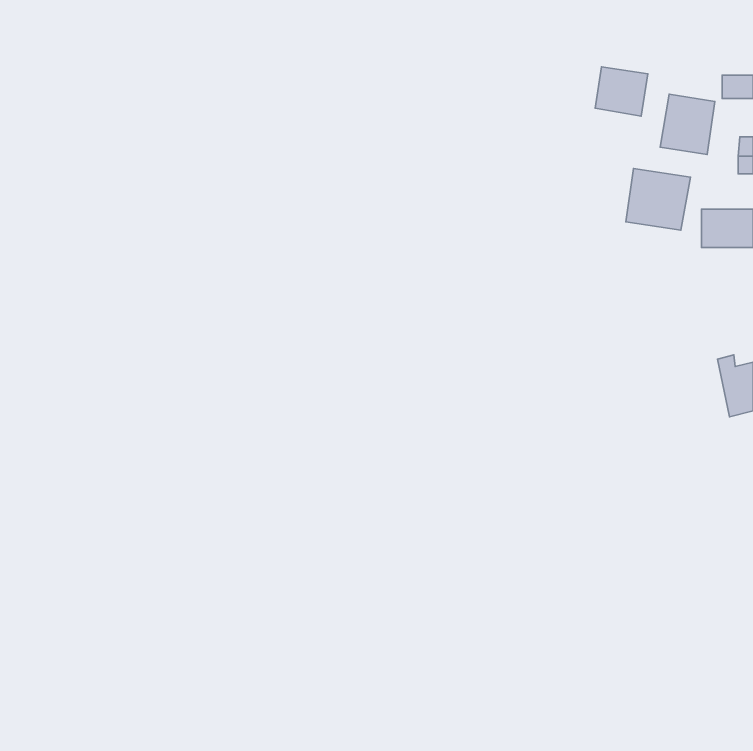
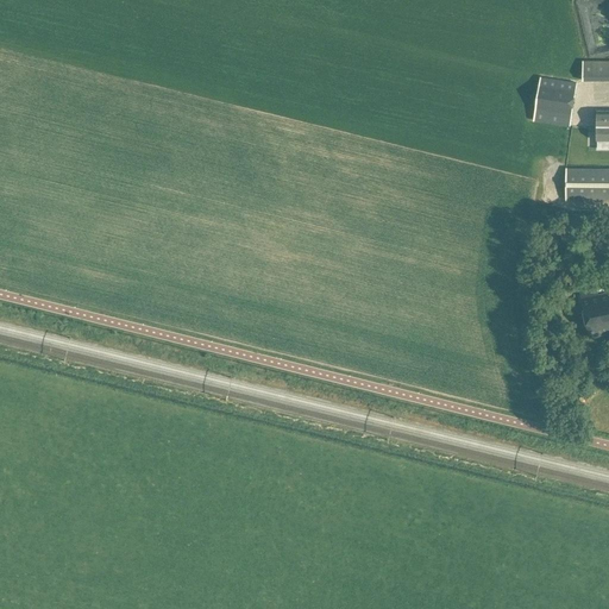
building: [595,67,648,116] -> none
building: [626,168,690,230] -> none

